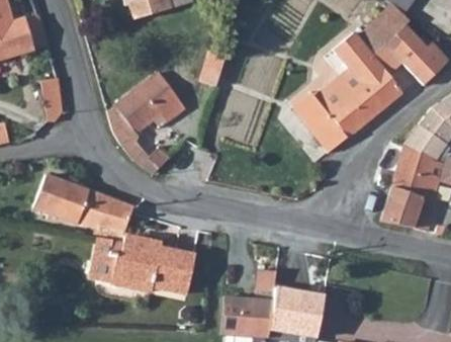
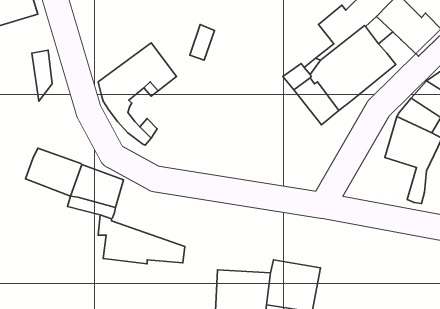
building: [381,185,423,227] -> none
building: [120,240,195,273] -> none

